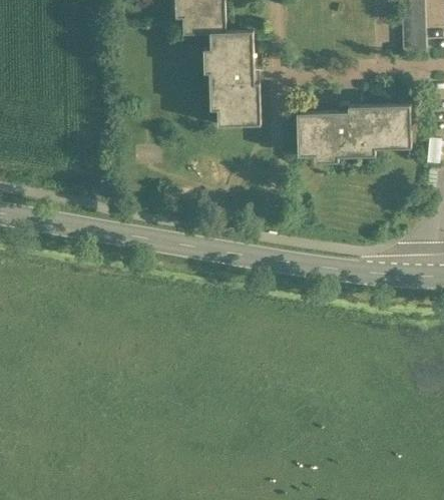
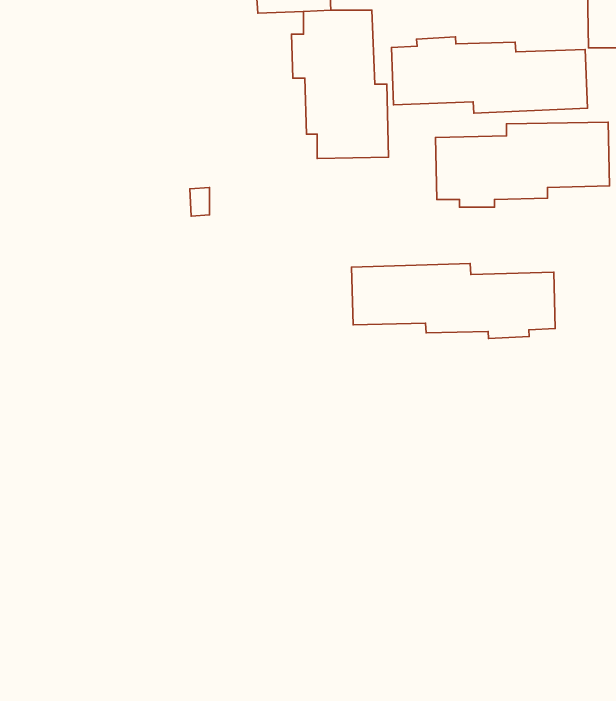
building: none -> [392,37,587,113]
building: none -> [352,263,555,338]

